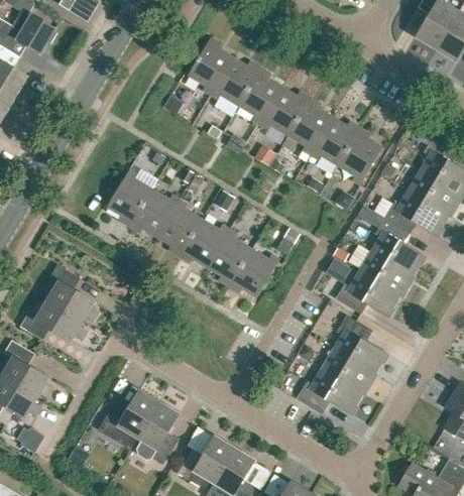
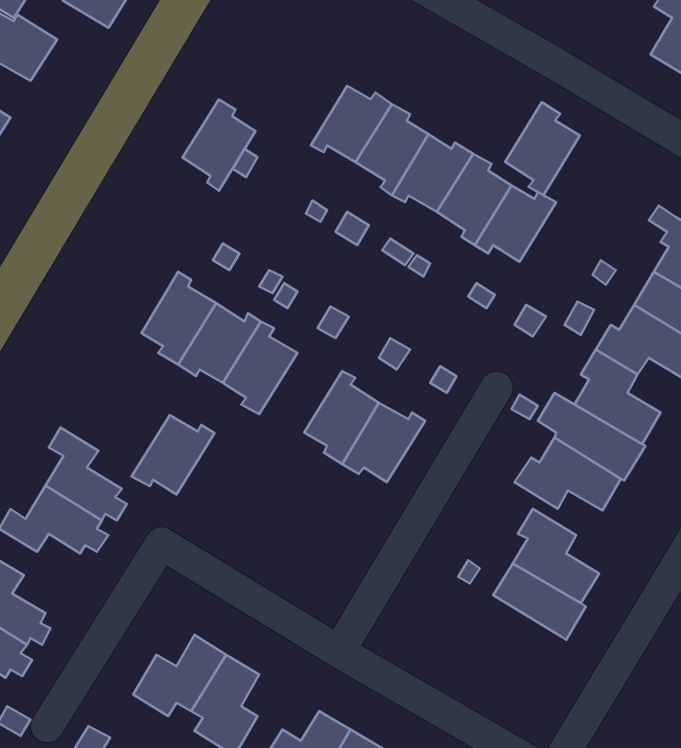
building: [188,38,232,94] -> [182,100,255,191]
building: [337,128,382,184] -> [505,102,580,195]
building: [179,220,229,268] -> [132,415,215,495]
building: [297,367,362,413] -> none

